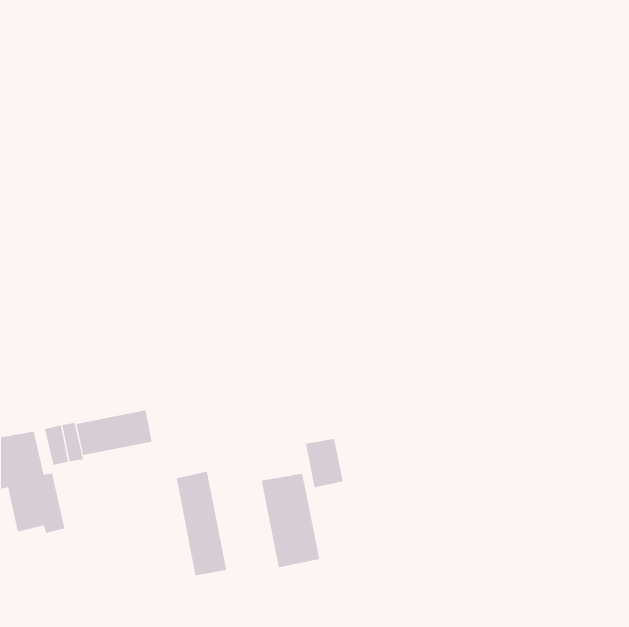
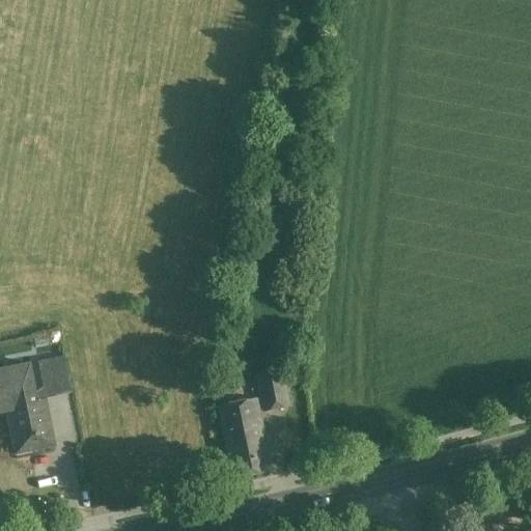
building: [76,409,152,456] -> none
building: [176,471,227,576] -> none

